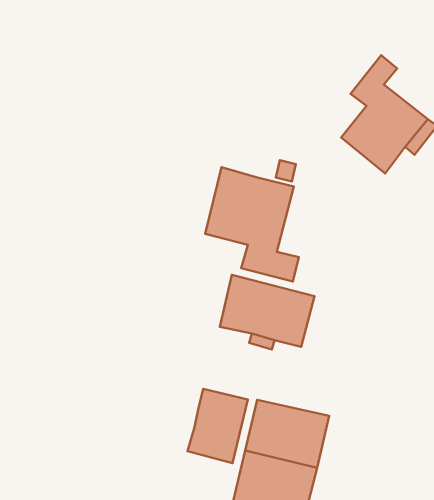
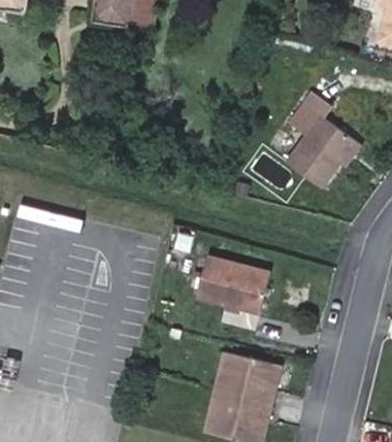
building: [205,167,299,282] -> none
building: [187,389,248,463] -> none

